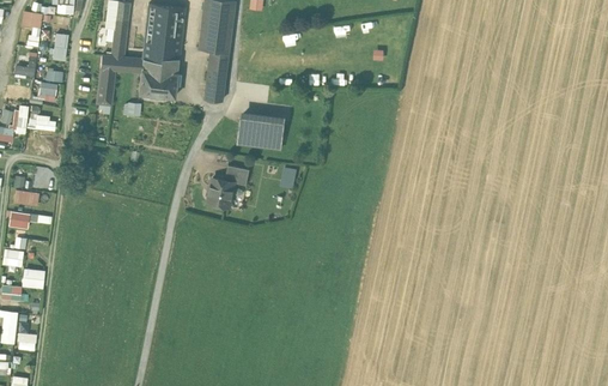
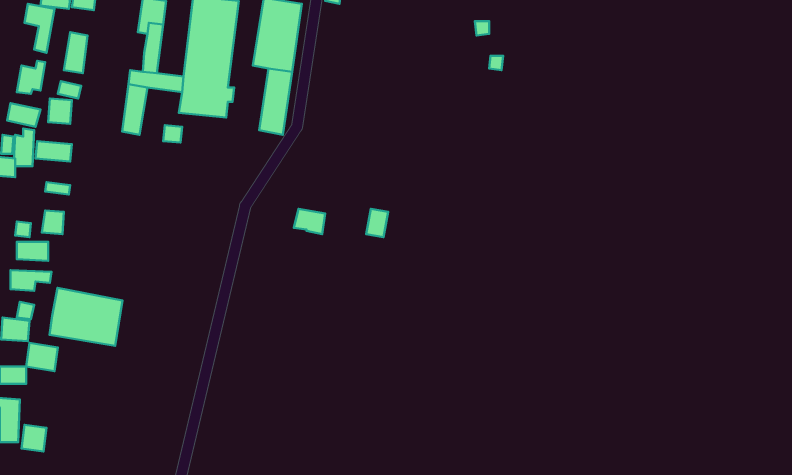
building: [237,116,285,145] -> none
building: [207,177,235,207] -> none
building: none -> [50,288,122,346]

